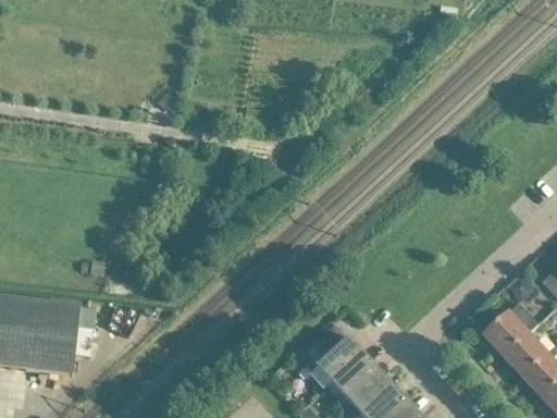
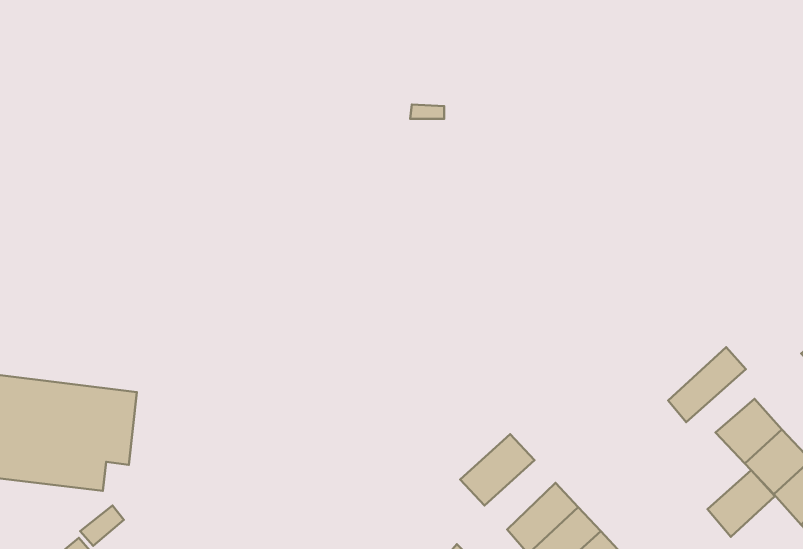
building: none -> [668,347,746,422]
building: [330,354,377,401] -> none
building: none -> [708,470,775,537]

